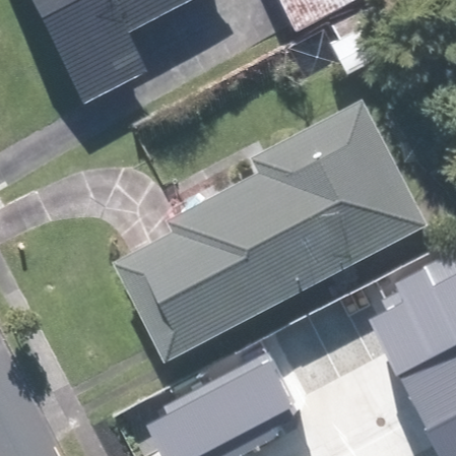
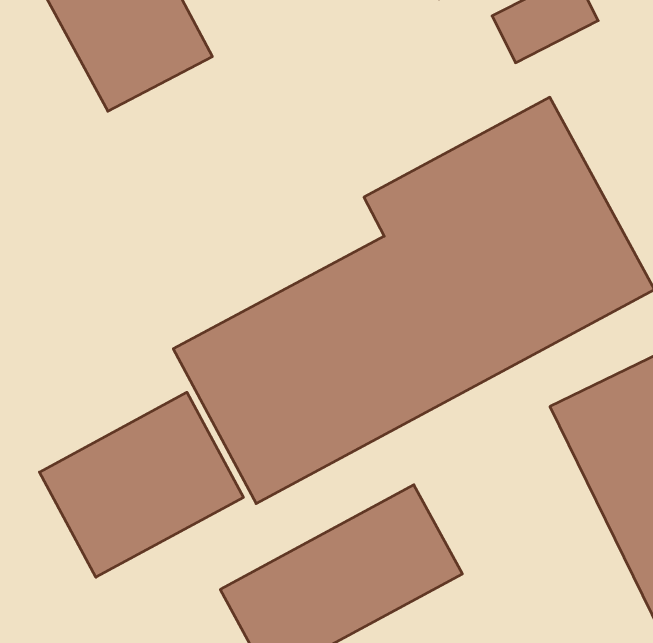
building: none -> [39,392,243,577]

